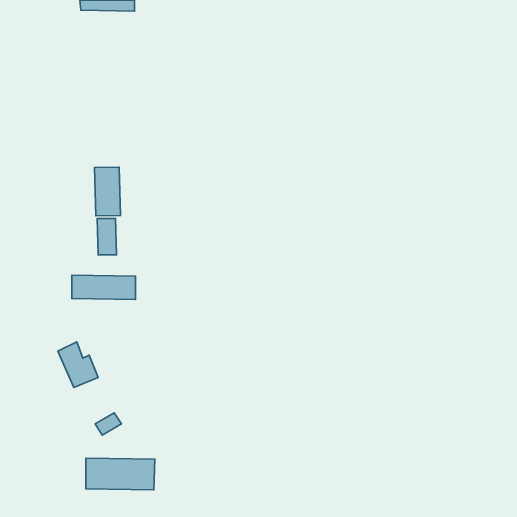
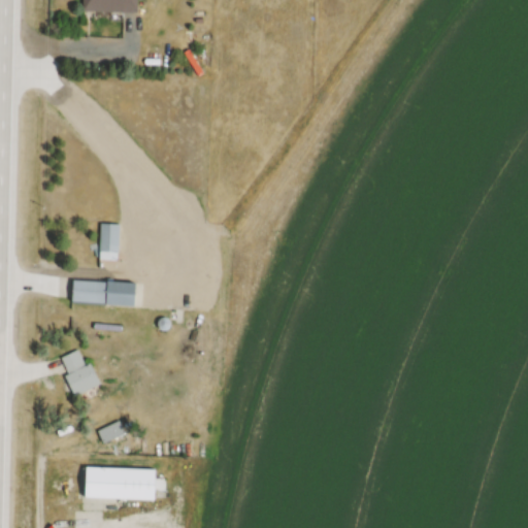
building: [94,167,120,216] -> none

